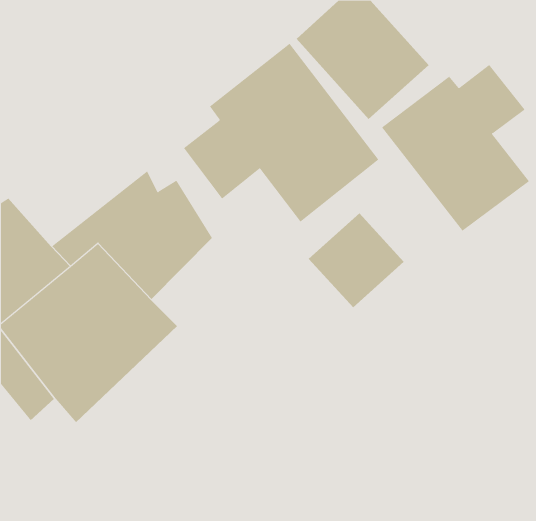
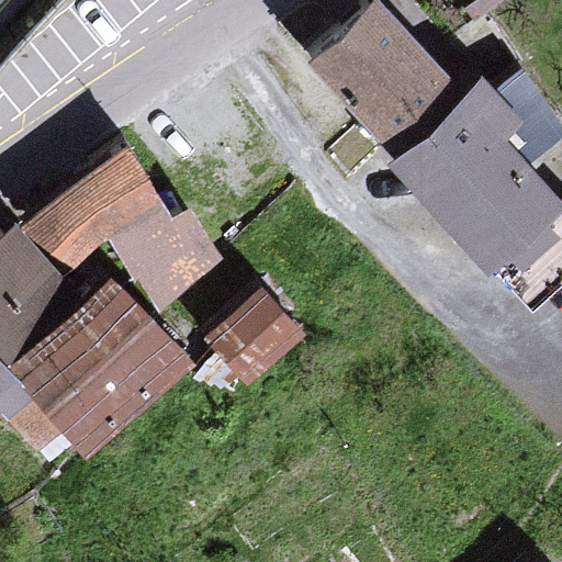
building: [183,43,379,222] -> none
building: none -> [11,140,156,274]
building: [308,212,405,308] -> [203,289,304,389]

